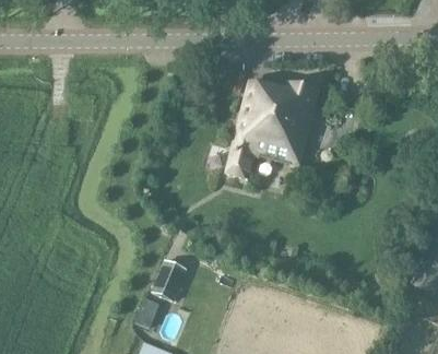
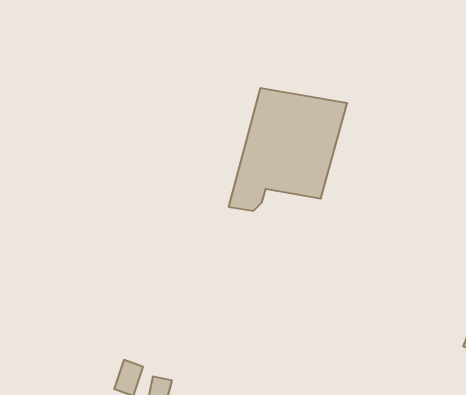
building: [152,260,187,300] -> none

